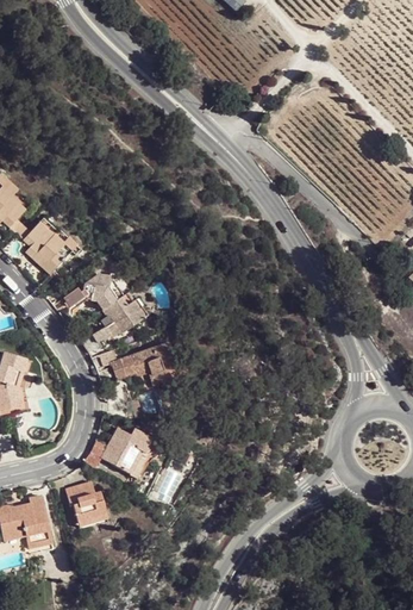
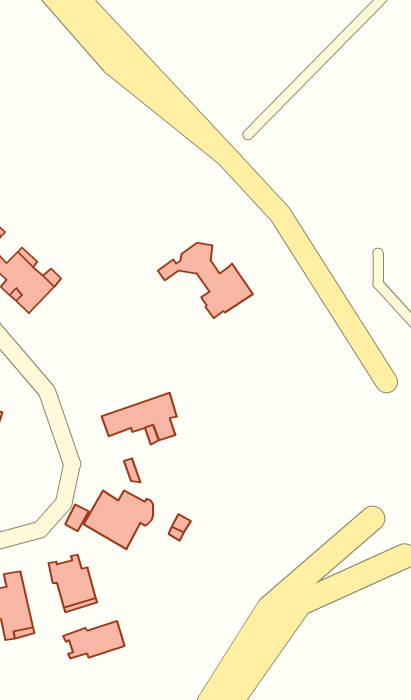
building: [63,274,144,338] -> [158,243,253,318]
building: none -> [63,621,124,659]

